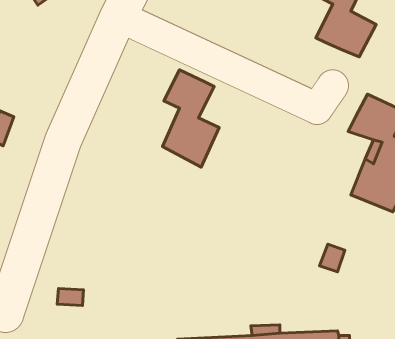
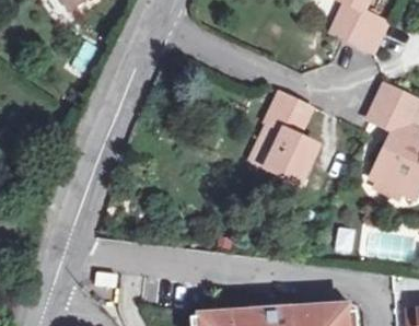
building: [163,70,219,167] -> [258,91,310,179]

